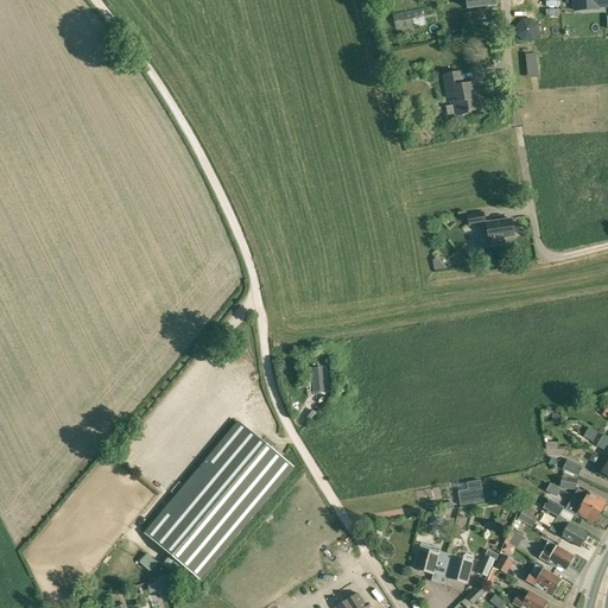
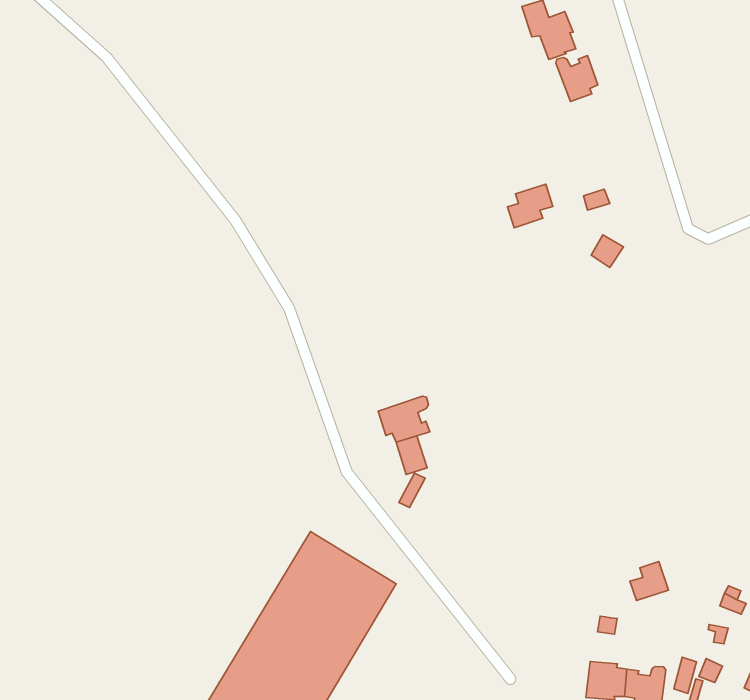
building: none -> [556,55,598,102]
building: [481,218,513,246] -> [507,184,553,228]
building: none -> [378,396,430,442]

